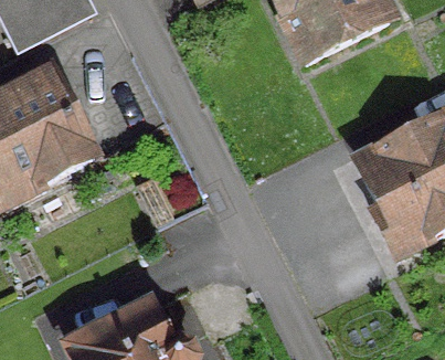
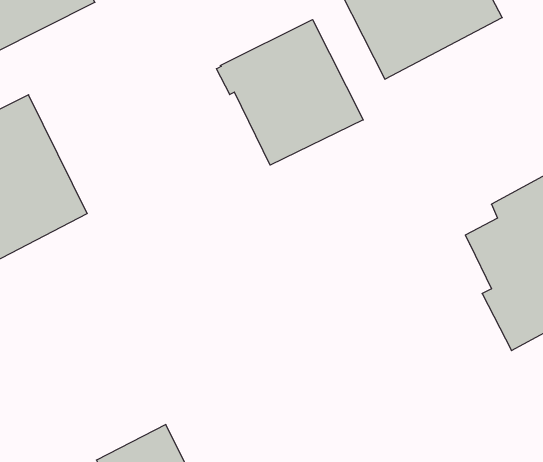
building: none -> [216,20,363,165]

